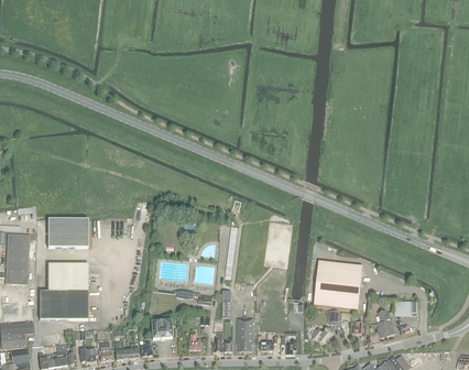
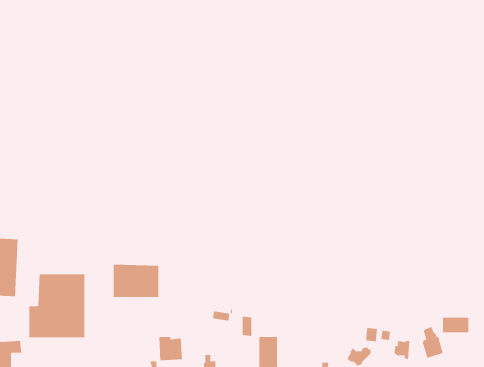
building: [48,219,88,248] -> [113,264,159,297]
building: [314,261,362,309] -> none

